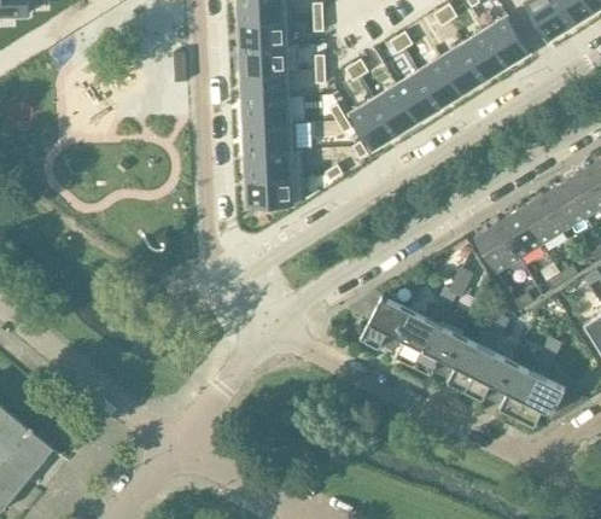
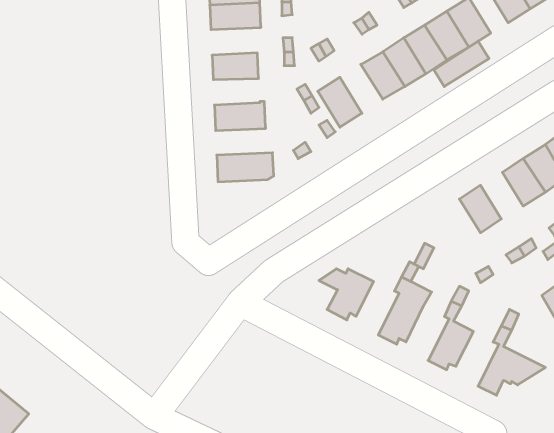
building: [239,43,298,74] -> none
building: none -> [434,41,489,87]
building: [373,83,418,134] -> none
building: [241,98,290,126] -> none
building: [244,147,303,177] -> none
building: [519,196,564,244] -> none
building: [474,223,519,273] -> none
building: [390,309,434,365] -> none
building: [442,334,486,391] -> none
building: [494,361,538,418] -> none

